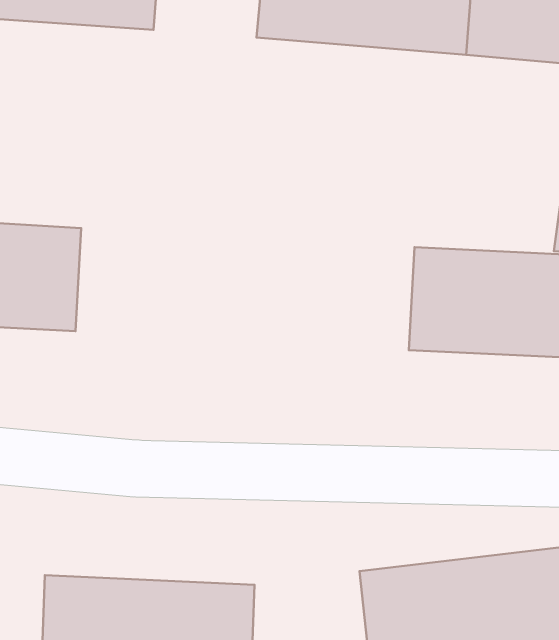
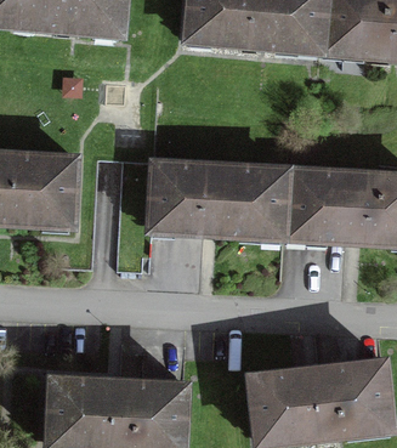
building: none -> [151,164,287,237]

